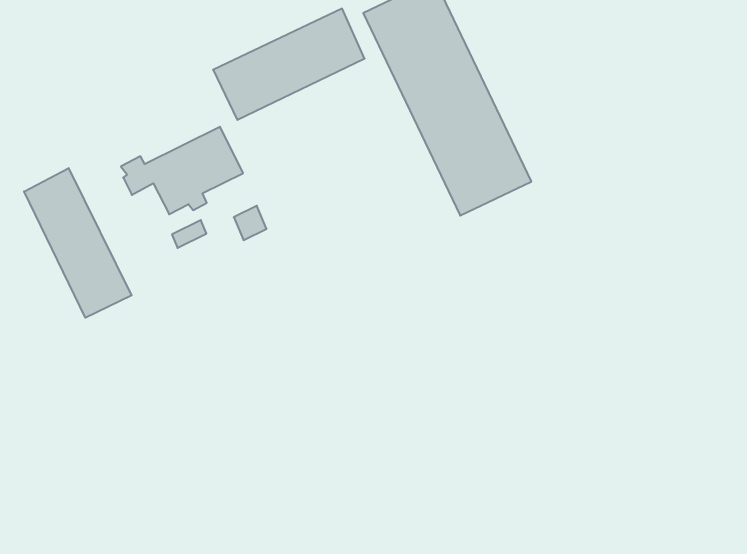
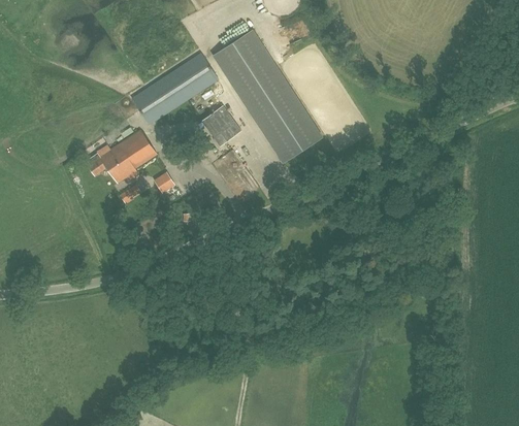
building: none -> [202,104,241,144]
building: [24,168,132,318] -> none

